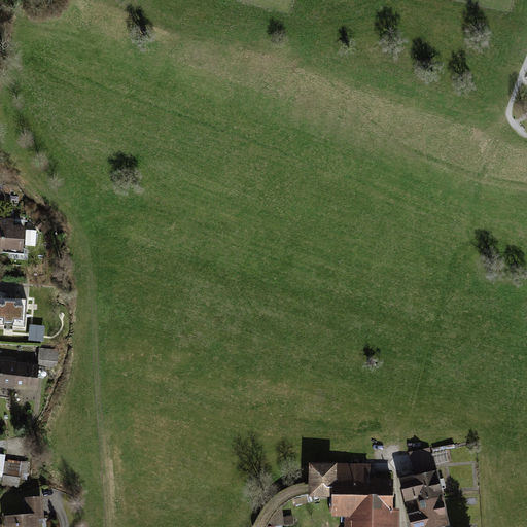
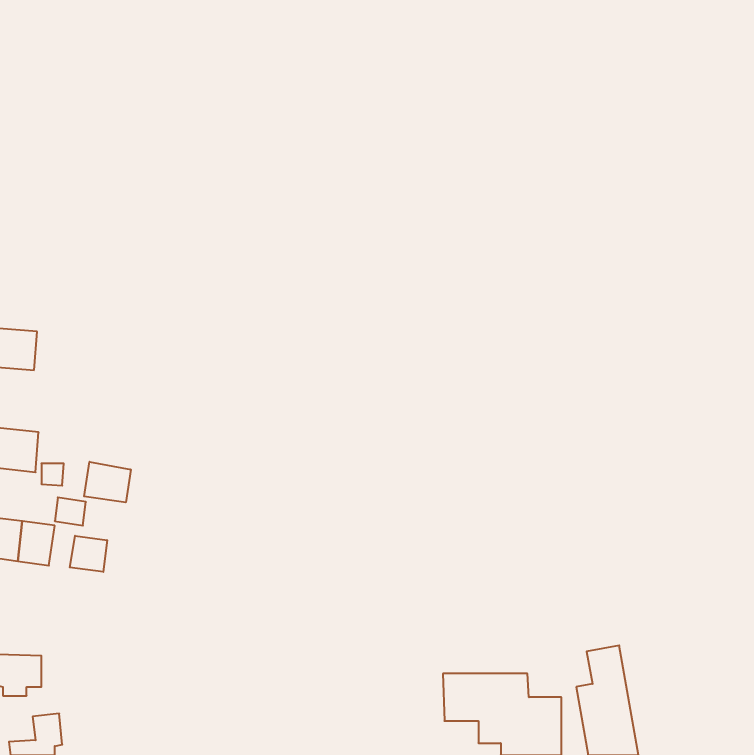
building: none -> [84,462,131,502]
building: none -> [70,536,107,572]

